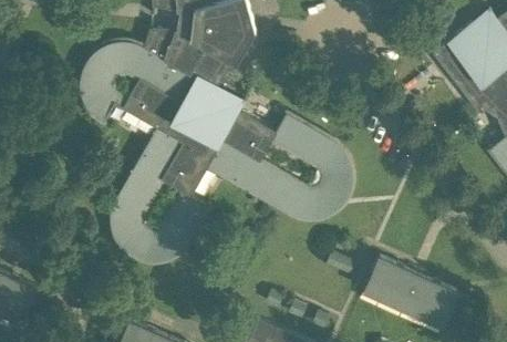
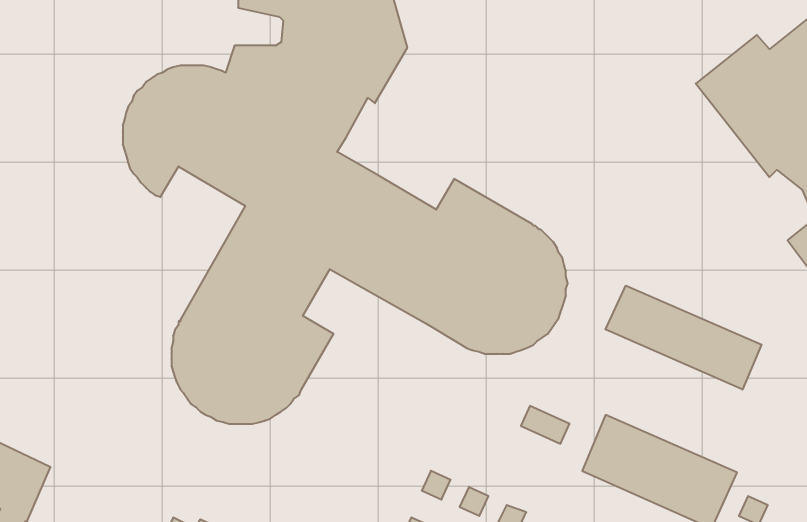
building: none -> [606,286,761,390]

